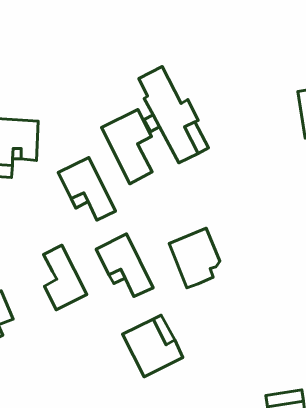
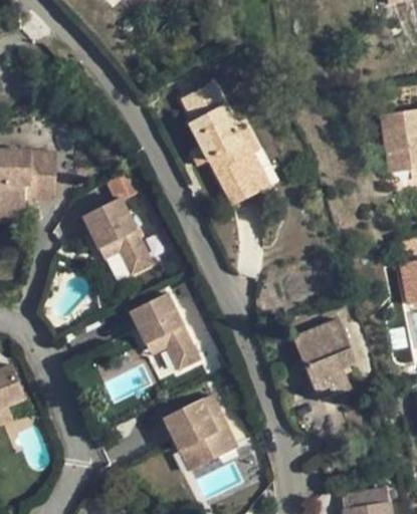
building: [101,109,152,184] -> none
building: [169,228,220,288] -> [291,317,355,392]
building: [44,245,87,310] -> none

